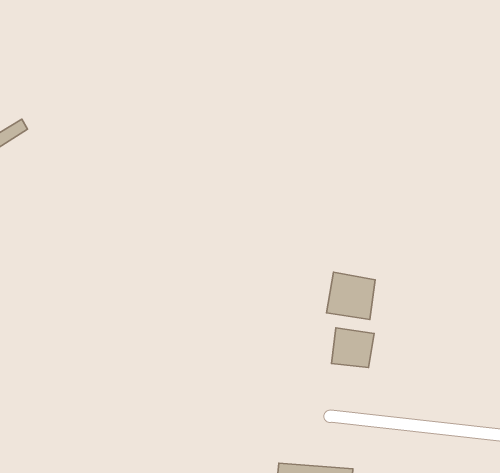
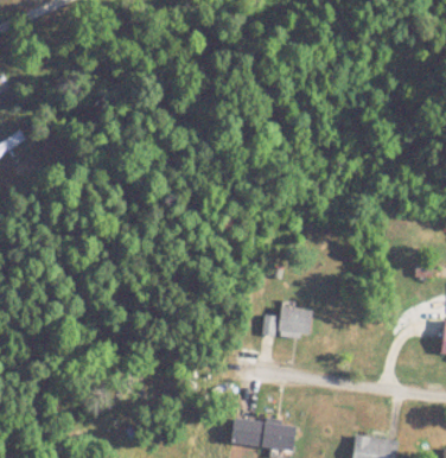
building: [326,272,375,319] -> none

